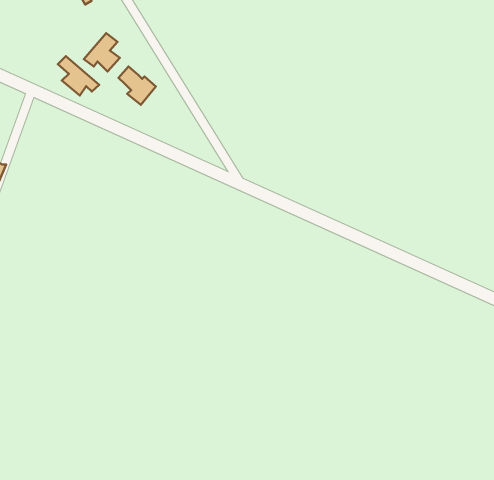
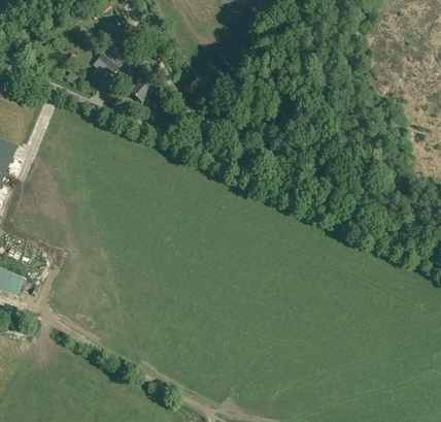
building: [58,56,99,96] -> none

